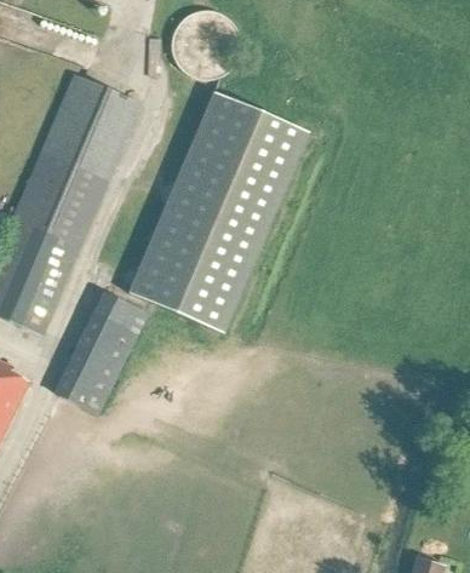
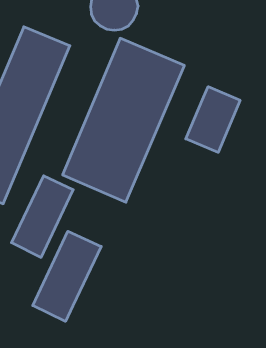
building: none -> [186,87,240,152]
building: none -> [33,231,101,321]

